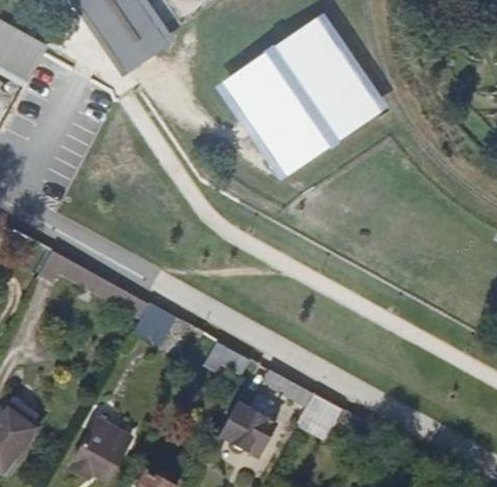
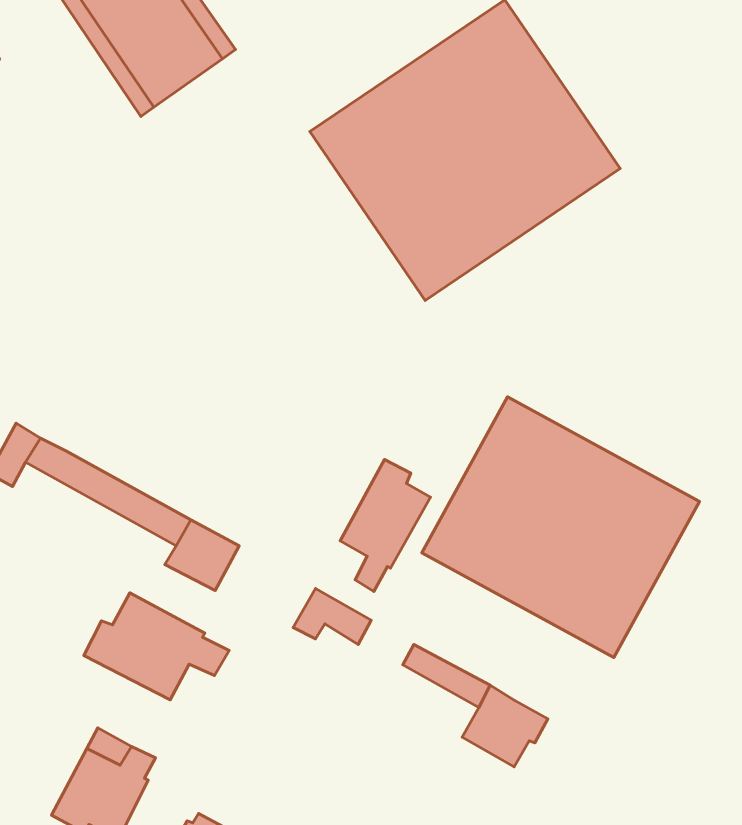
building: none -> [422,397,700,657]
building: none -> [340,459,431,592]
building: none -> [84,593,229,700]
building: [221,394,277,455] -> none

